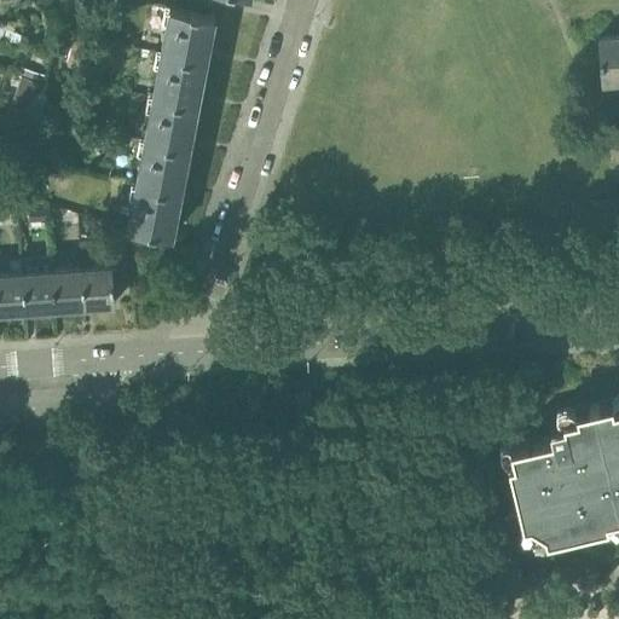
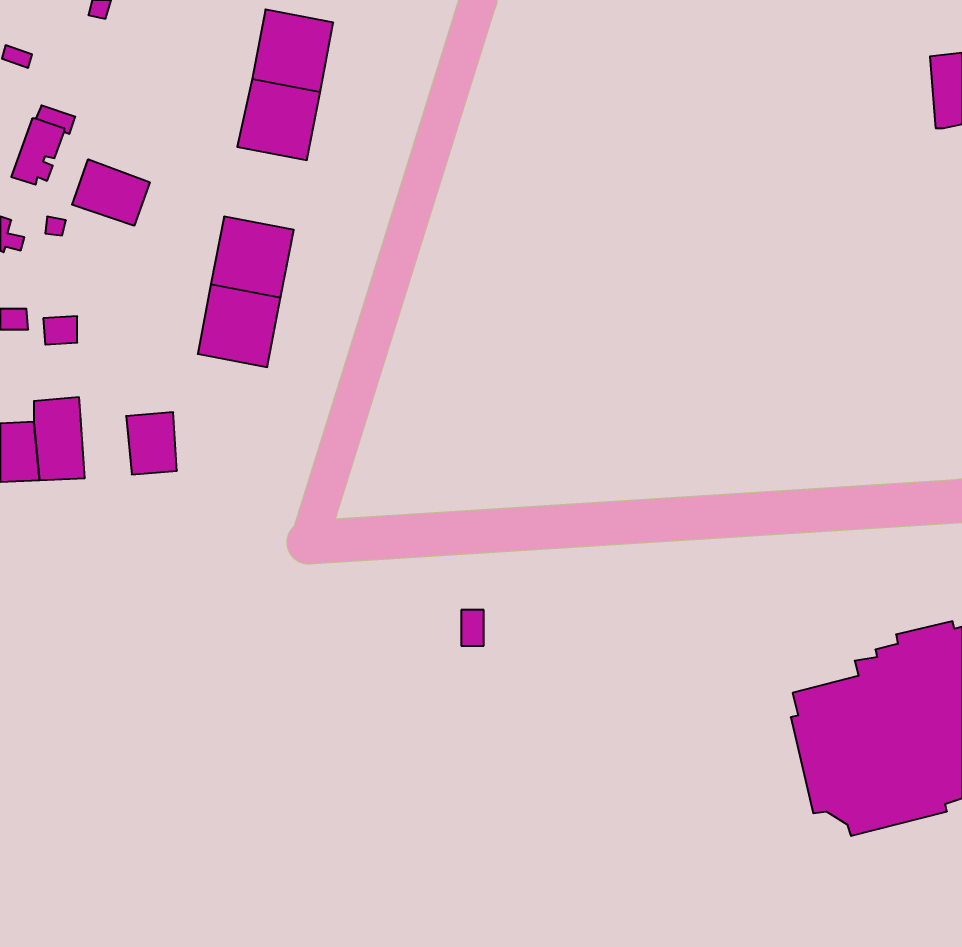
building: [144,104,197,157] -> none
building: none -> [72,159,150,226]
building: [52,277,85,317] -> none

